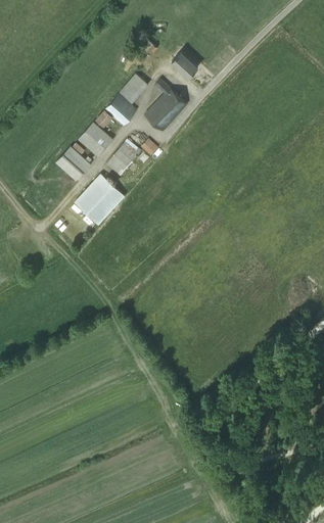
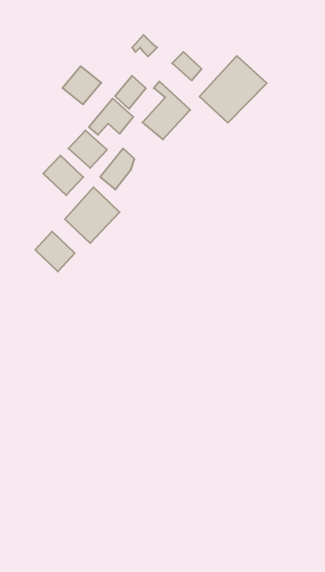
building: none -> [200,56,267,123]
building: none -> [63,66,101,104]
building: none -> [35,231,75,272]

